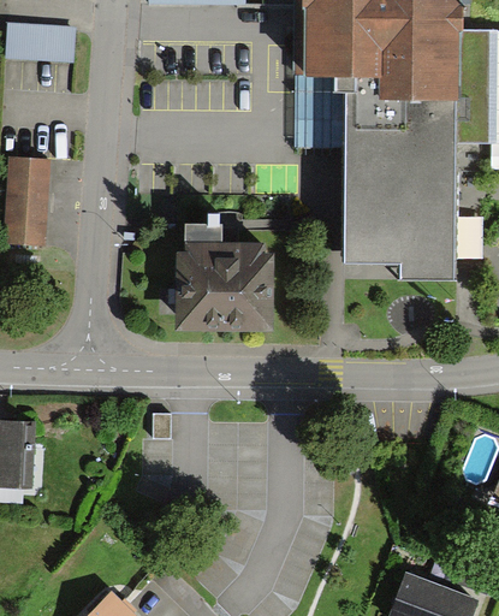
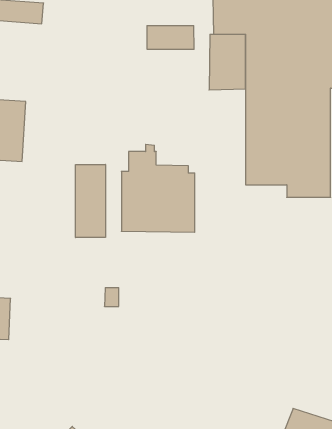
building: none -> [147,26,194,49]
building: none -> [76,164,105,238]

